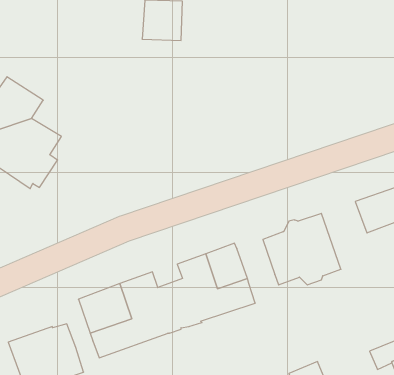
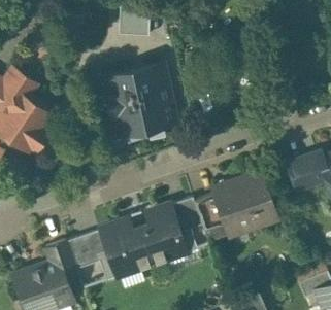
building: none -> [101,63,177,136]
building: none -> [193,194,223,229]
building: none -> [41,240,78,279]

